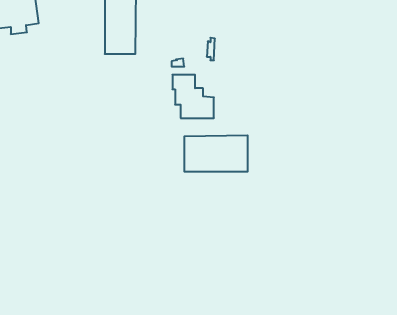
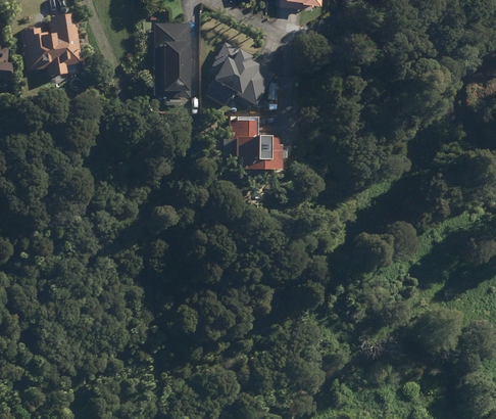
building: none -> [211,43,274,104]
building: [184,135,248,172] -> none

